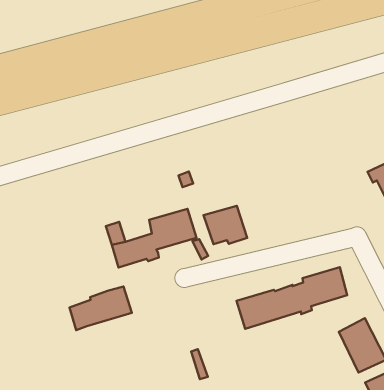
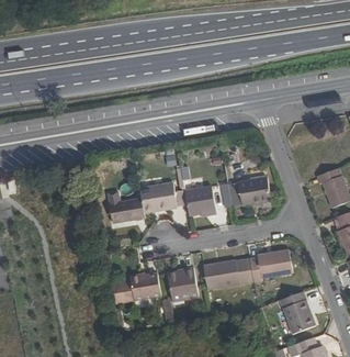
building: none -> [225,172,268,202]
building: [69,286,132,330] -> [109,271,158,302]
building: none -> [163,265,195,299]

